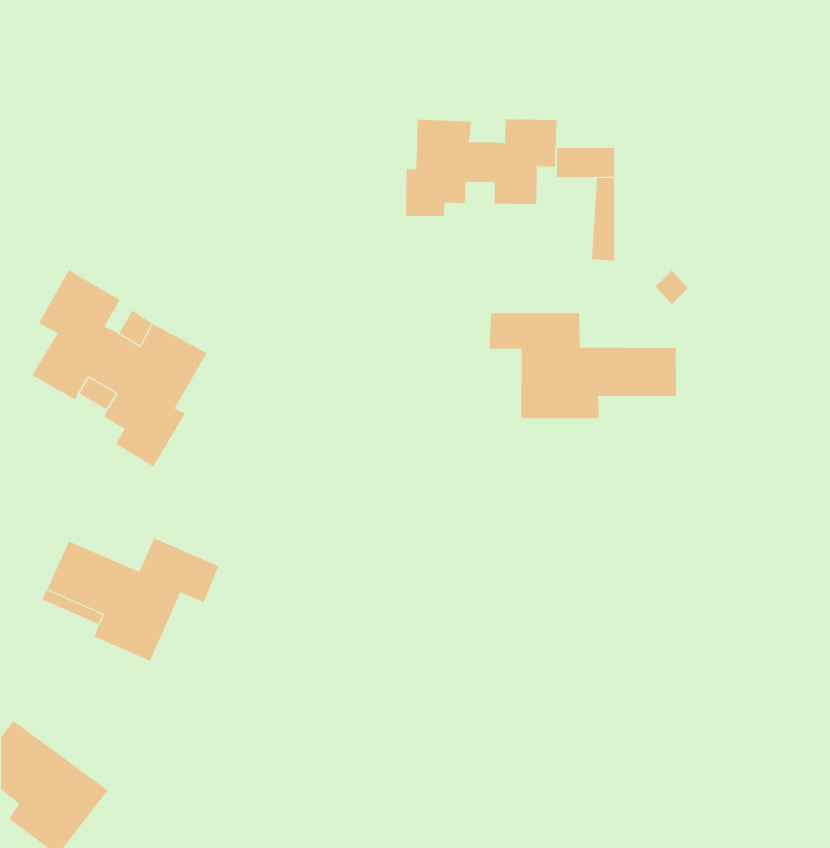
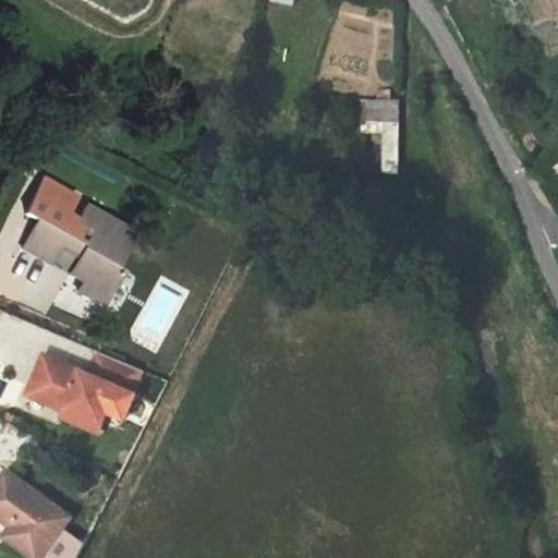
building: [405,119,557,217] -> none
building: [489,312,677,419] -> none

